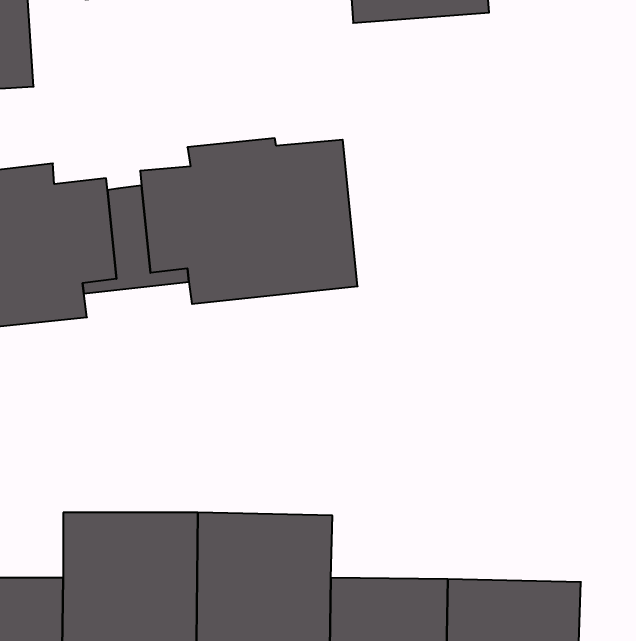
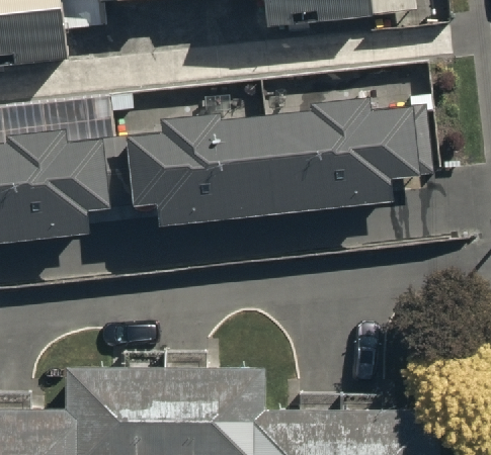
building: none -> [266,89,432,206]

